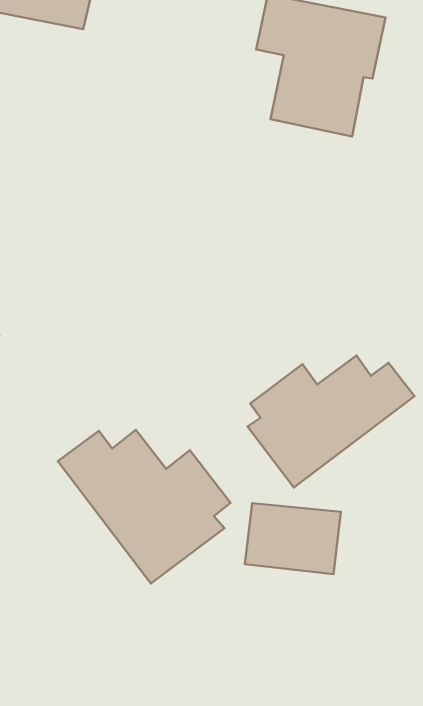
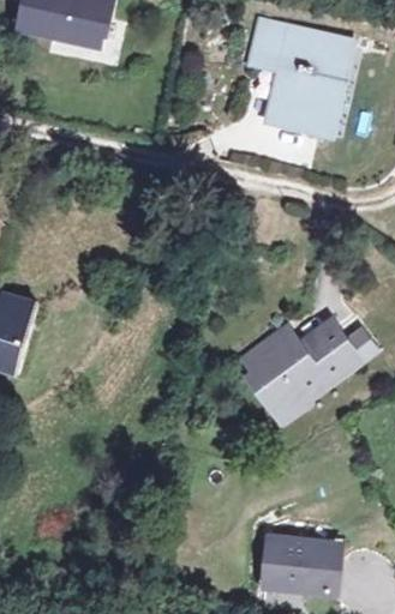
building: [58,430,230,584] -> none
building: [245,503,341,574] -> [264,535,343,594]

